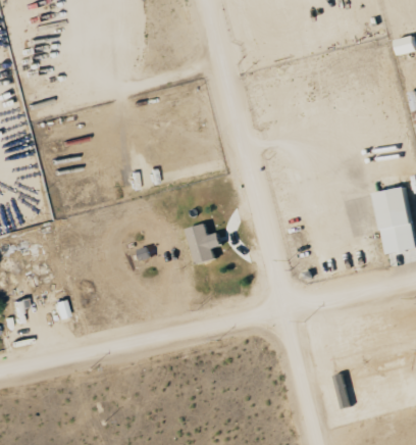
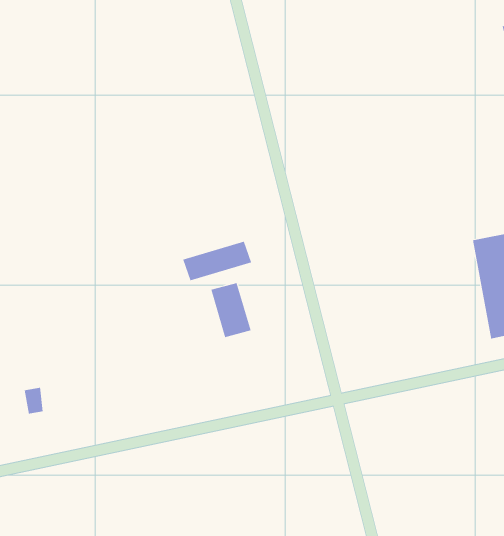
building: none -> [183,241,252,281]

